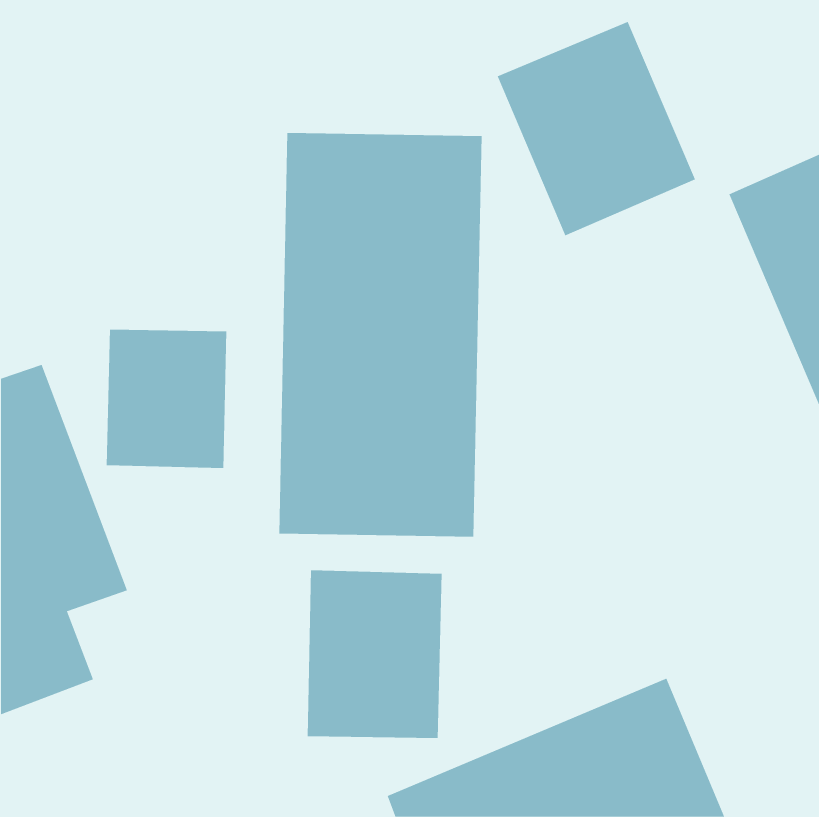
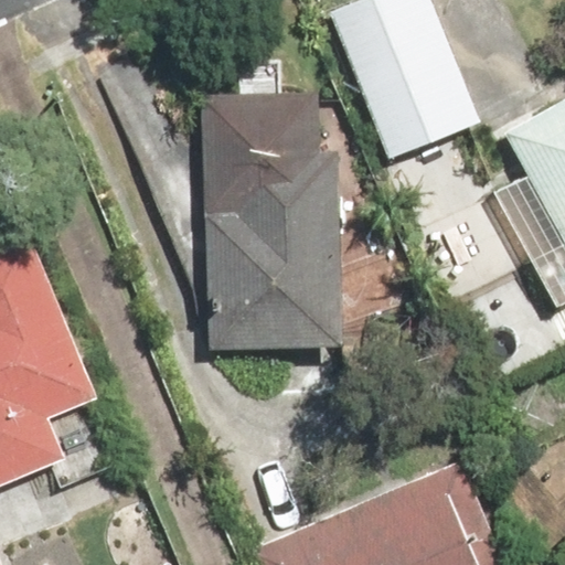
building: [106,329,227,469] -> none
building: [307,570,442,739] -> none

